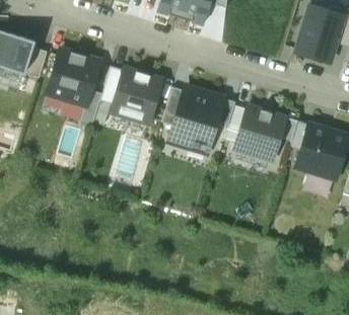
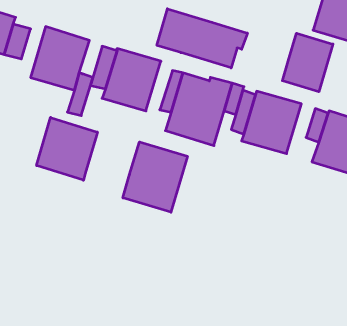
building: none -> [157,9,247,68]
building: none -> [282,33,333,92]
building: none -> [37,117,97,180]
building: none -> [123,142,187,212]

